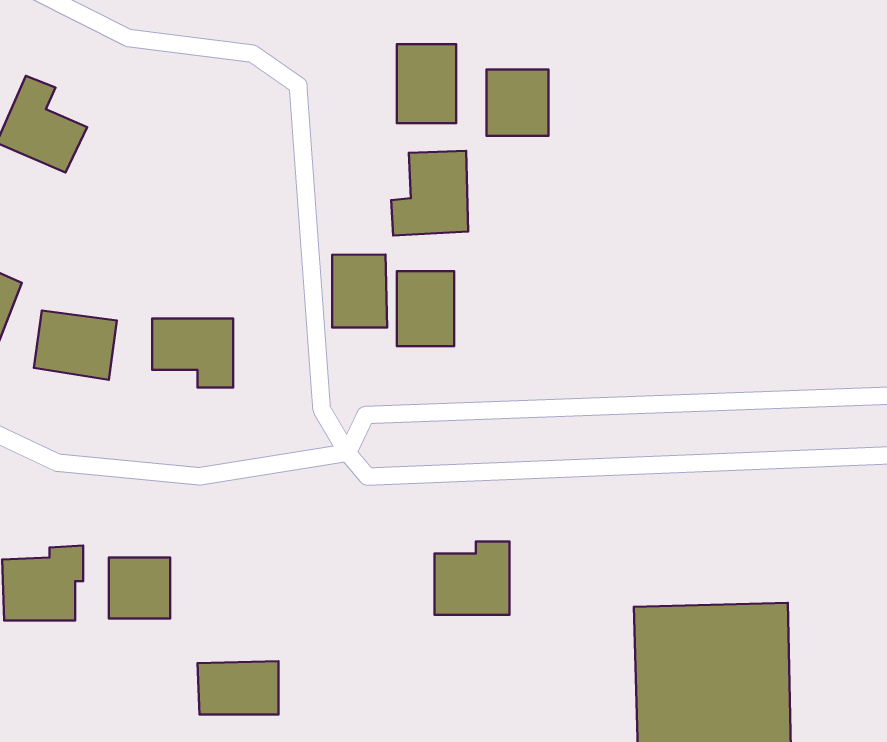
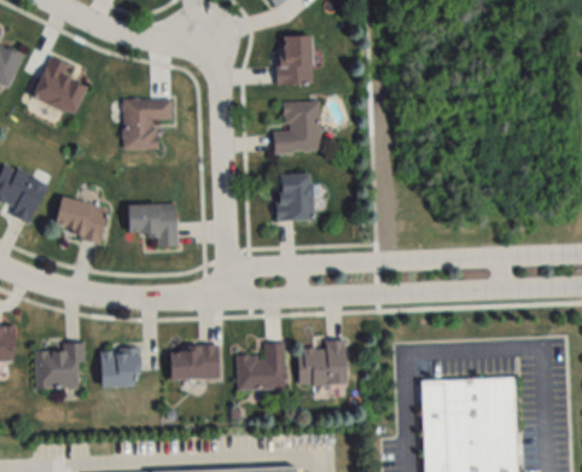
building: [486,69,549,136] -> none
building: none -> [123,99,173,148]
building: [332,255,387,327] -> none
building: none -> [237,343,286,389]
building: [198,661,278,714] -> [169,346,219,379]

